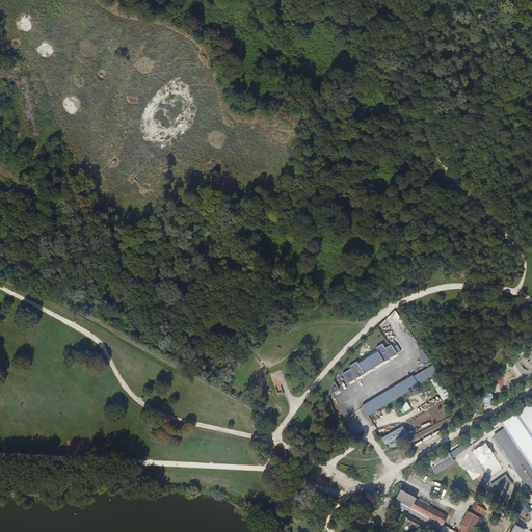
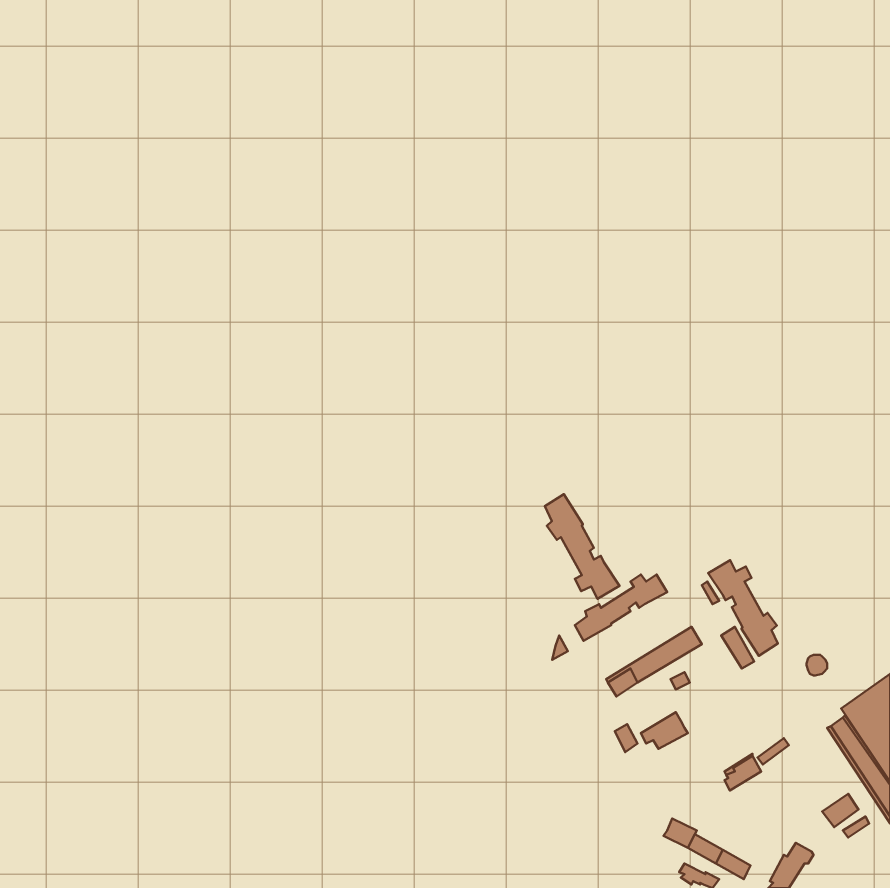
building: none -> [545,494,620,599]
building: none -> [708,560,778,656]

